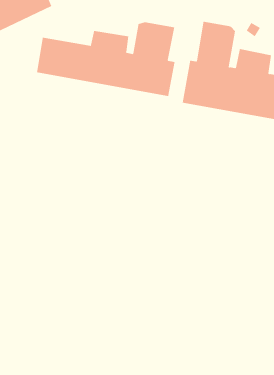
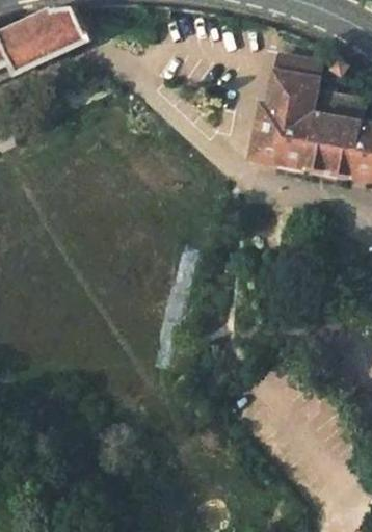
building: [36,21,175,97] -> none

